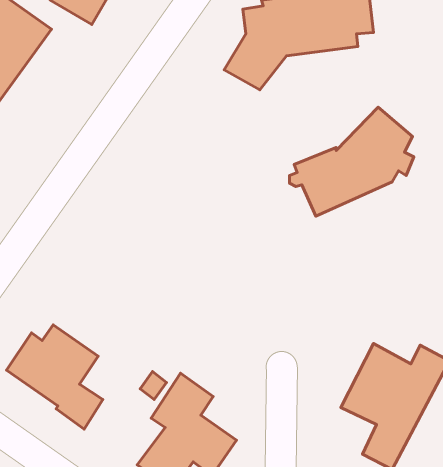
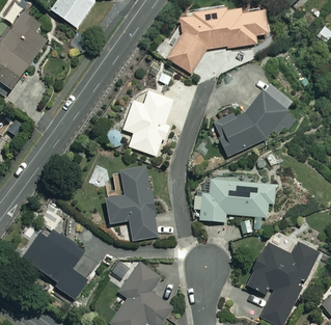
building: none -> [122,91,173,156]
building: none -> [105,168,157,241]
building: none -> [199,180,276,222]

